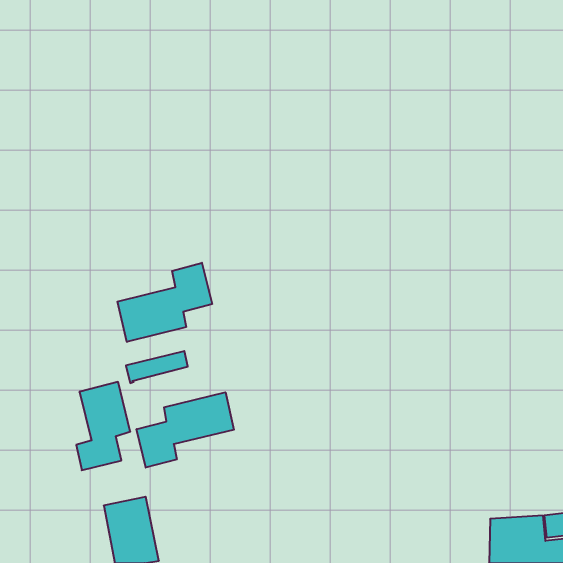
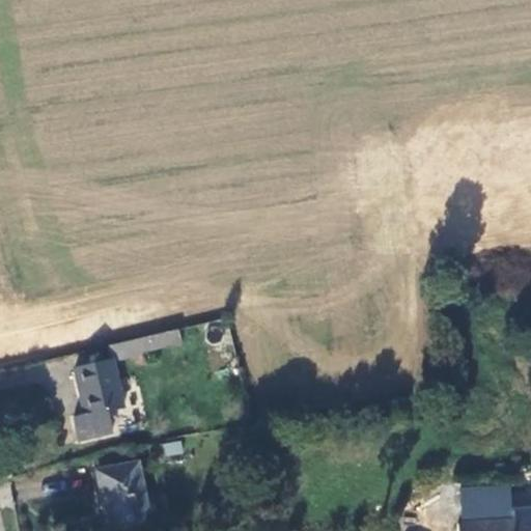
building: [117,263,212,342] -> none
building: [137,392,234,468] -> none

